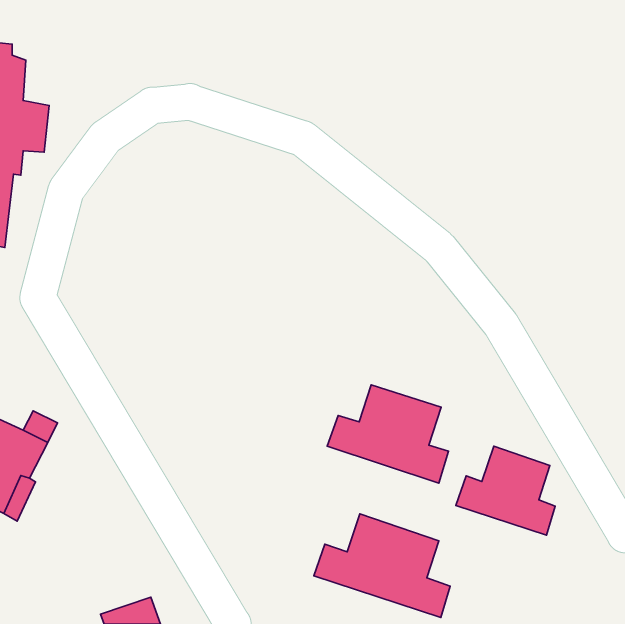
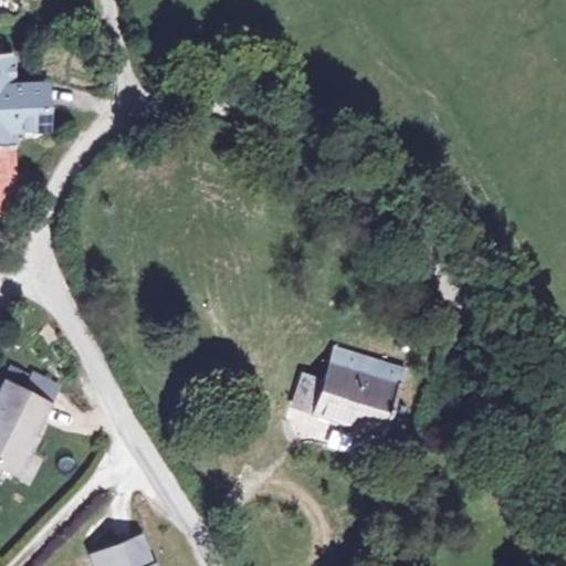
building: [456,446,555,535] -> none
building: [314,514,450,618] -> none

